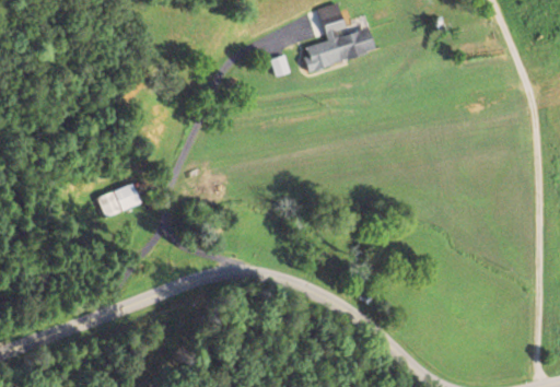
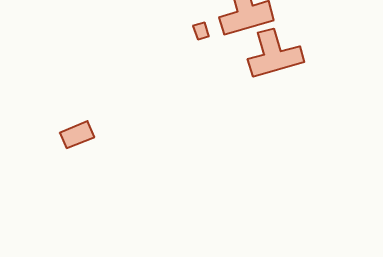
building: none -> [248,29,304,77]

